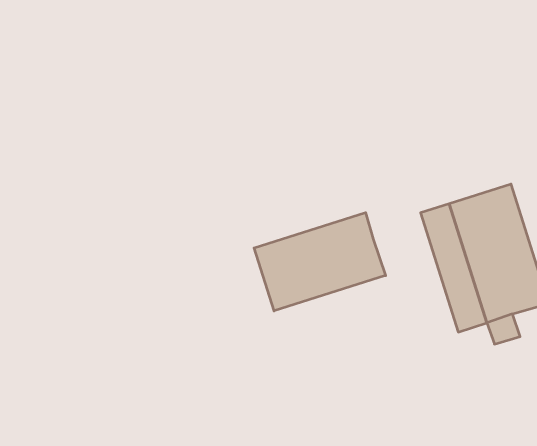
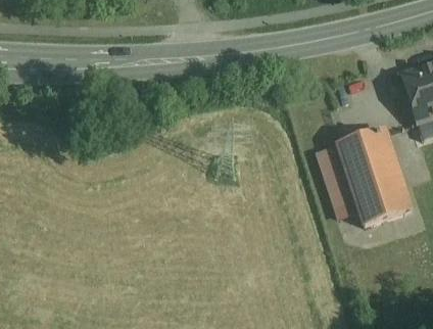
building: [254,213,386,311] -> none

